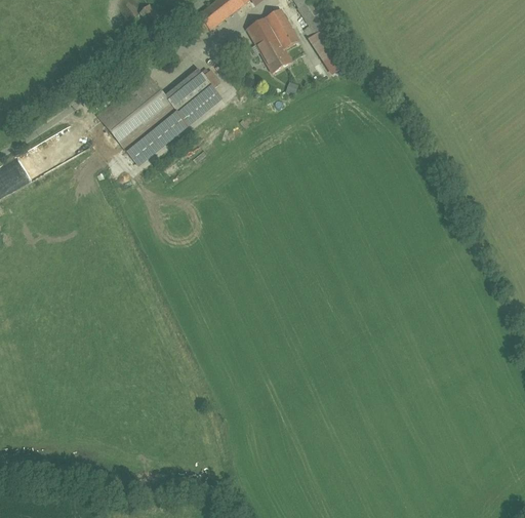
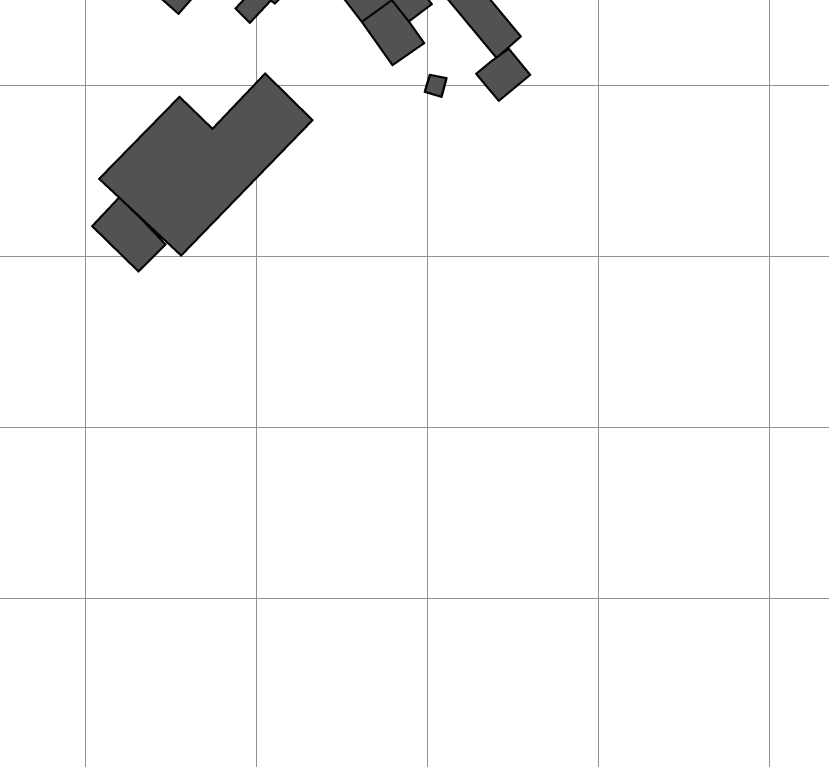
building: none -> [476,49,530,101]
building: none -> [92,198,165,271]

